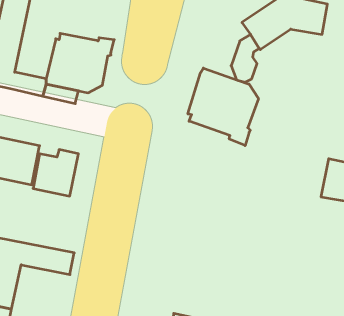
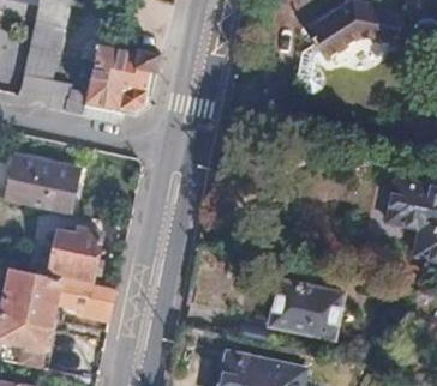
building: [188,68,258,146] -> none
building: [33,150,78,196] -> [52,228,102,279]
building: none -> [270,284,341,339]

